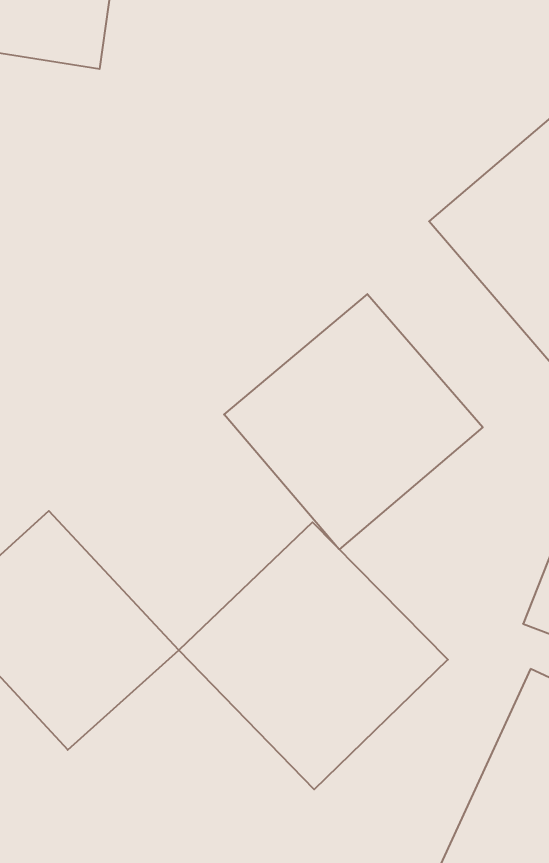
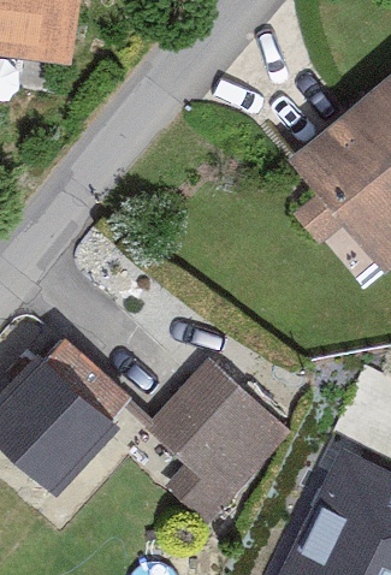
building: [224,294,483,549] -> none

